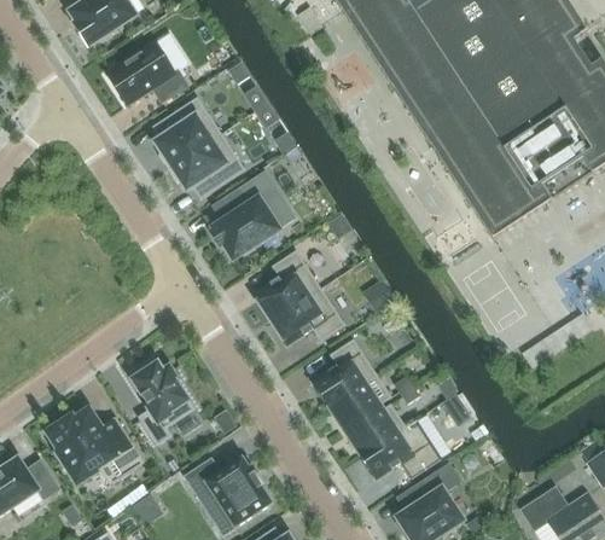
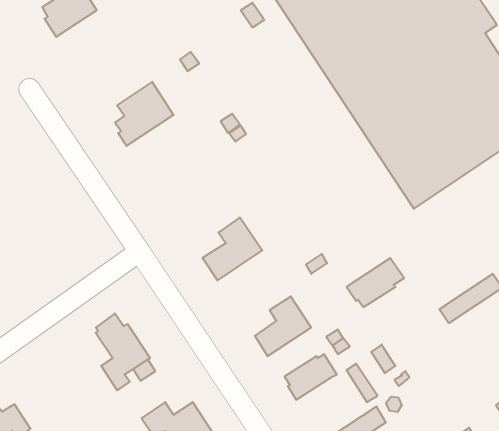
building: [106,40,188,104] -> none
building: [168,132,245,194] -> none
building: [211,169,284,256] -> none
building: [270,285,345,344] -> none
building: [327,372,392,428] -> [347,258,404,307]
building: [47,408,141,481] -> none
building: [360,423,432,478] -> none

